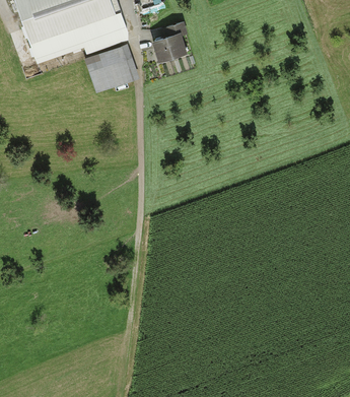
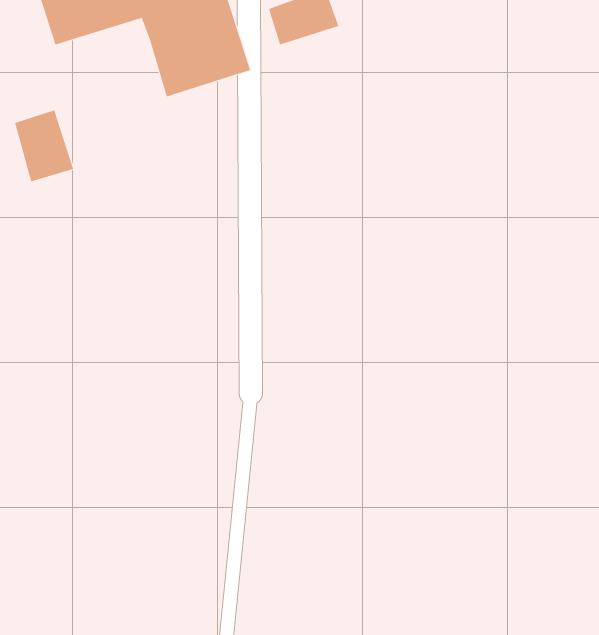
building: none -> [15,109,74,182]

